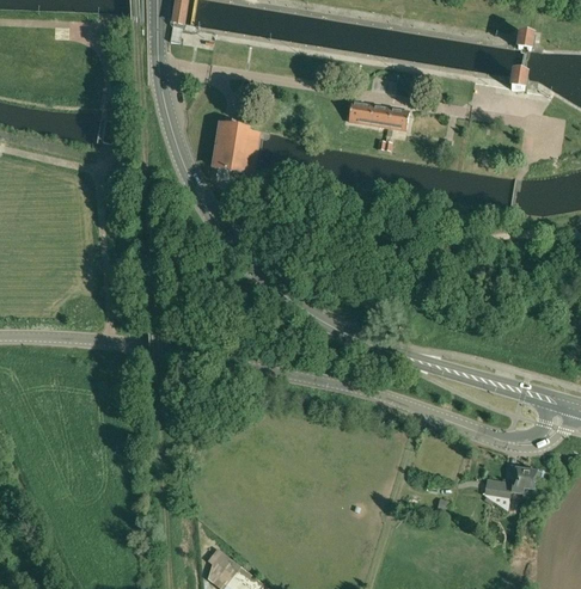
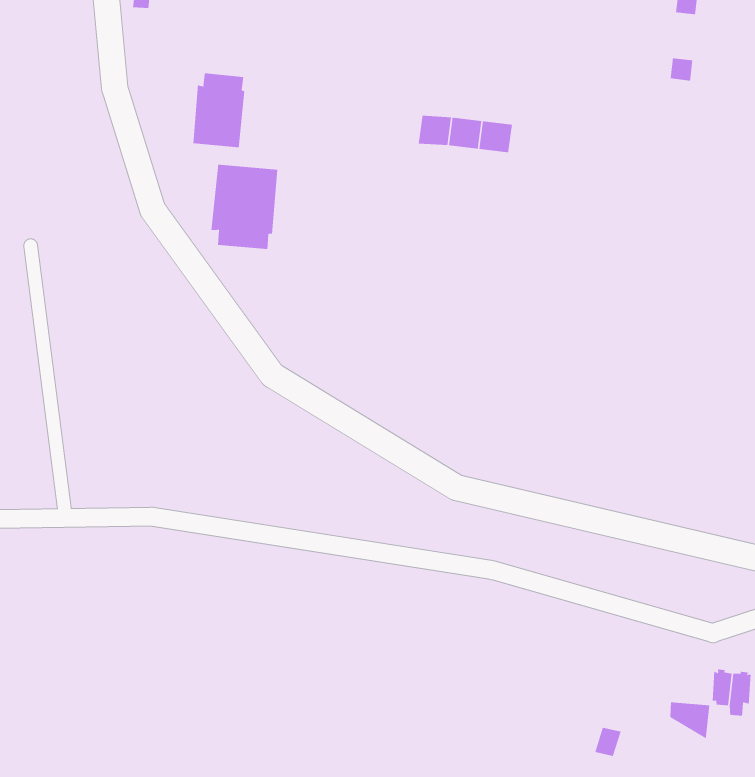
building: none -> [193,73,245,148]

